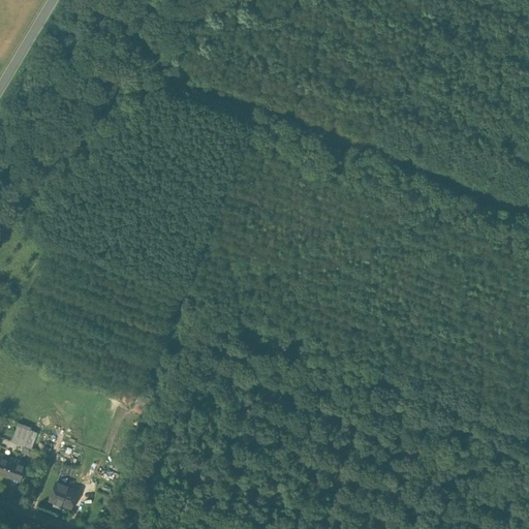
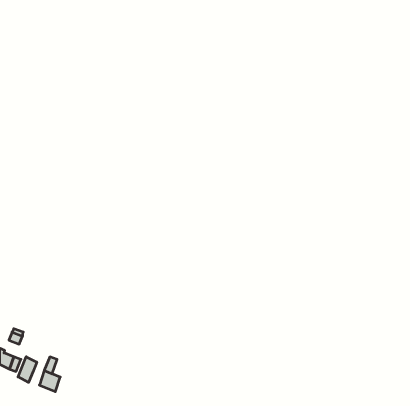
building: none -> [18,357,37,382]

